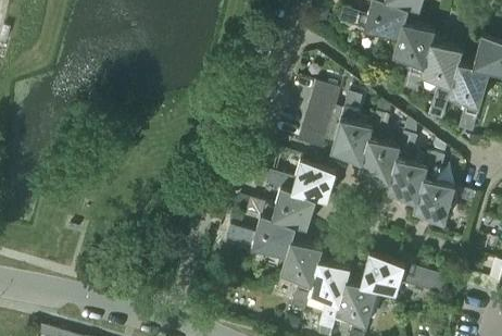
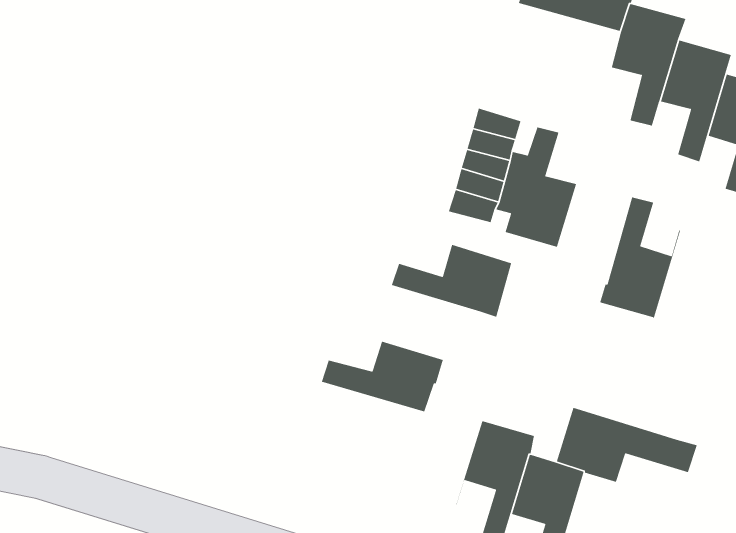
building: [357,113,403,184] -> none
building: [413,153,454,224] -> none
building: [246,185,316,231] -> none
building: [278,241,322,311] -> none

